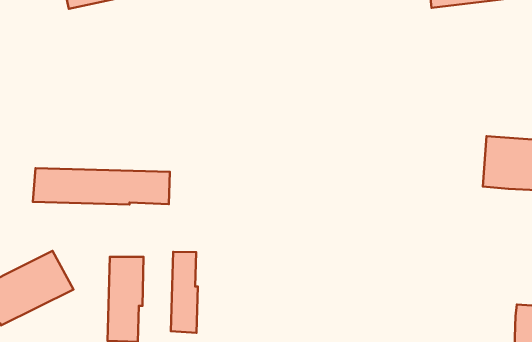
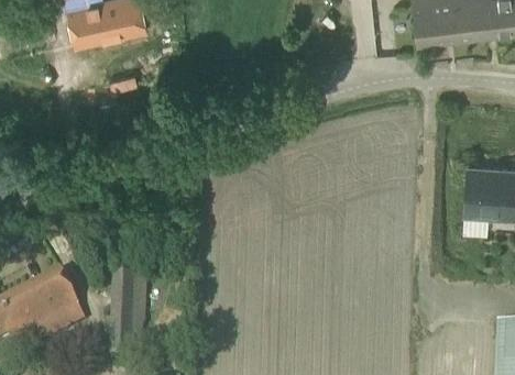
building: [33,168,170,205] -> none
building: [171,252,198,333] -> none

